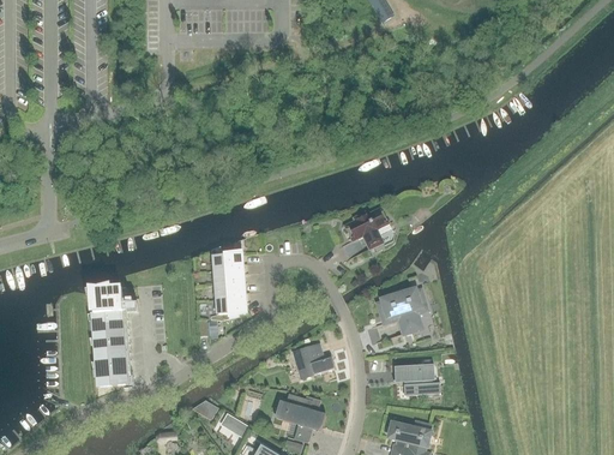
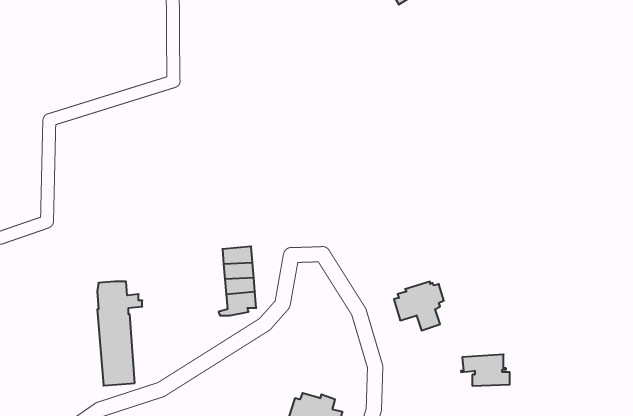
building: [344,208,389,253] -> none
building: [293,342,335,379] -> none
building: [393,365,440,395] -> [461,354,510,386]

